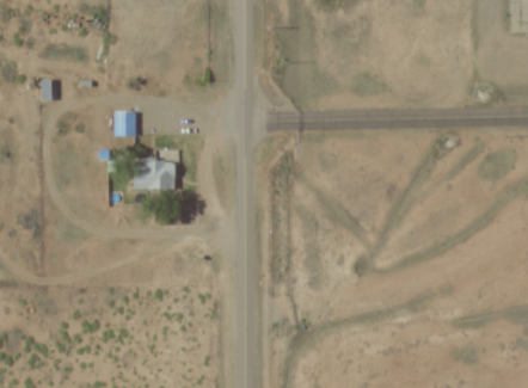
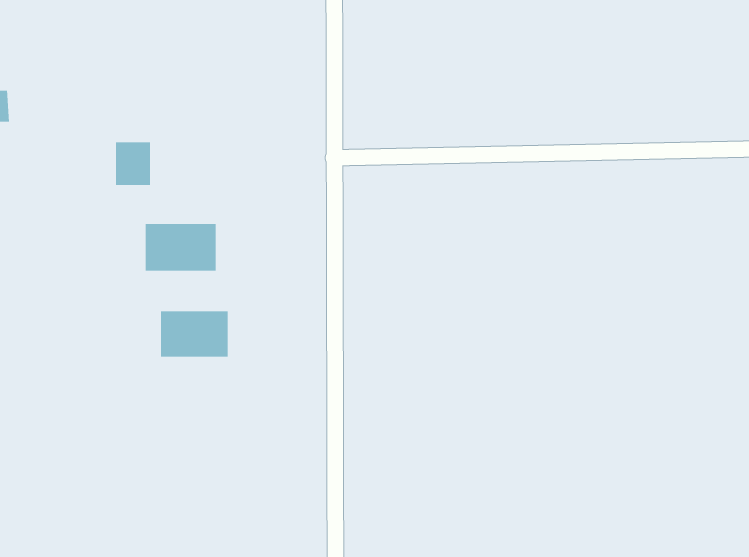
building: none -> [161,310,228,357]

